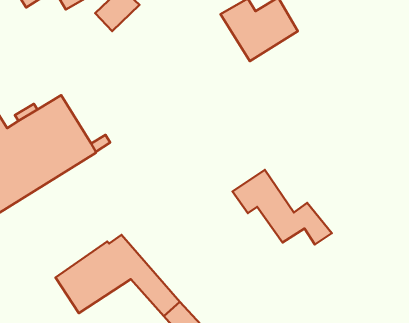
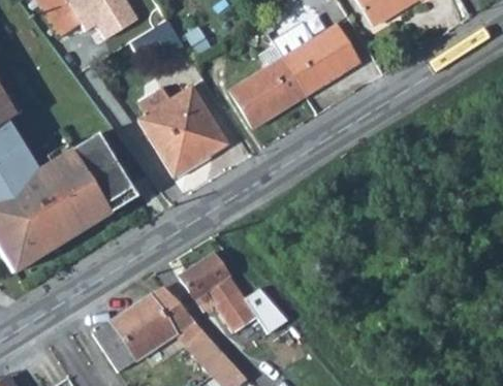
building: none -> [230,59,305,128]
building: none -> [138,87,228,178]
building: [233,170,332,244] -> [178,253,286,334]

